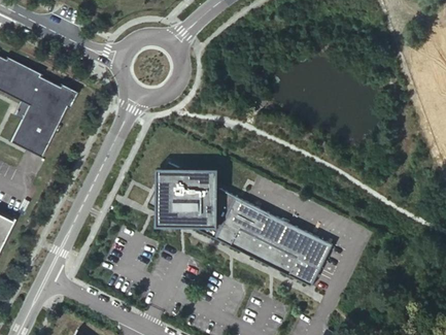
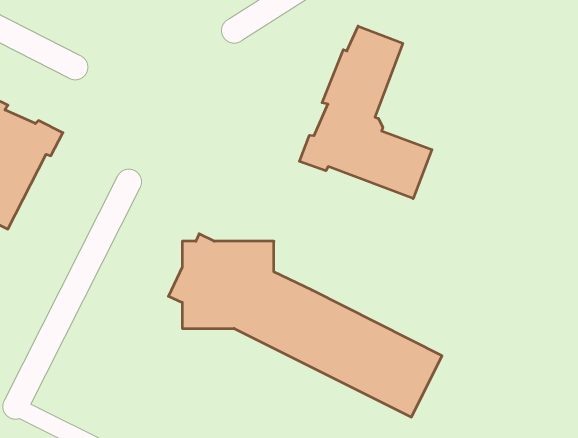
building: none -> [299,26,432,199]

